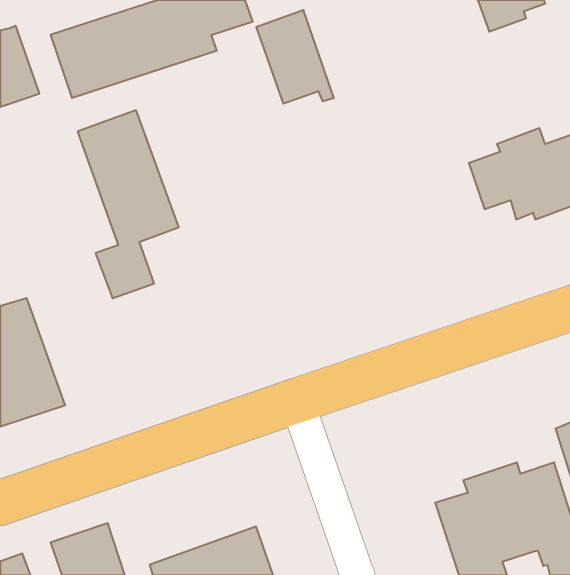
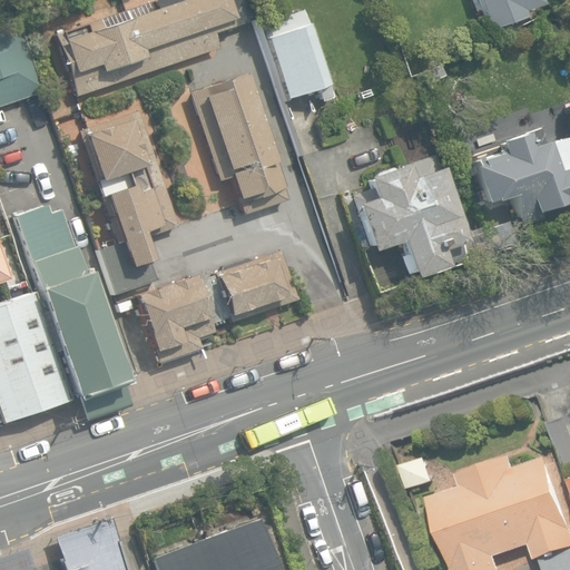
building: none -> [190,73,289,216]
building: none -> [354,155,465,278]
building: none -> [13,204,130,422]
building: none -> [134,252,296,366]

